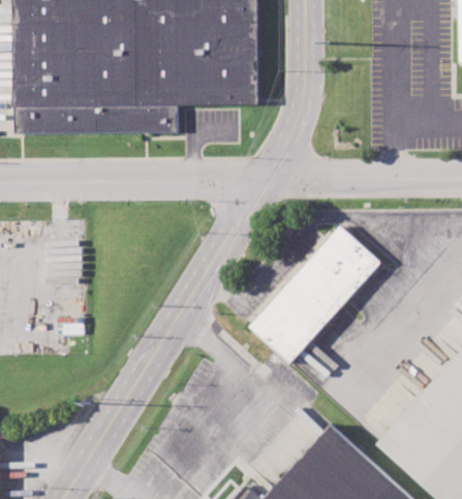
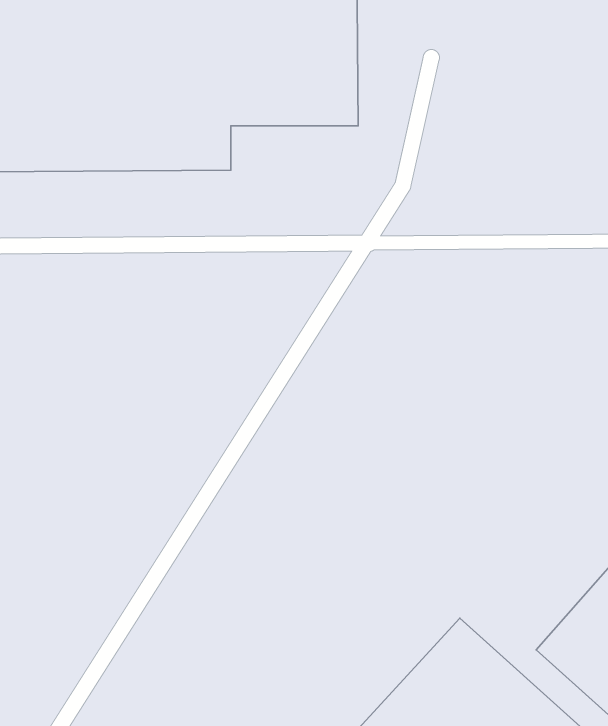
building: [250,224,381,362] -> none

